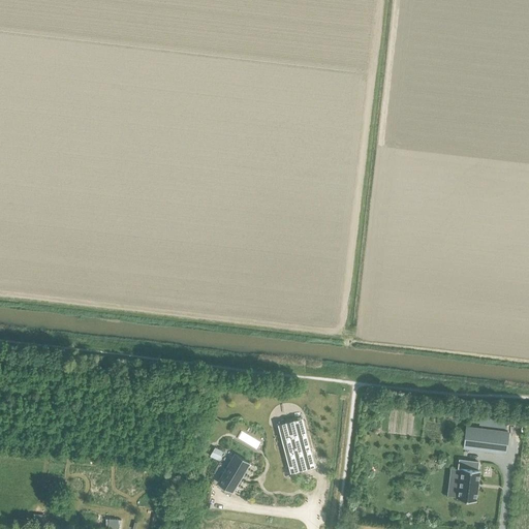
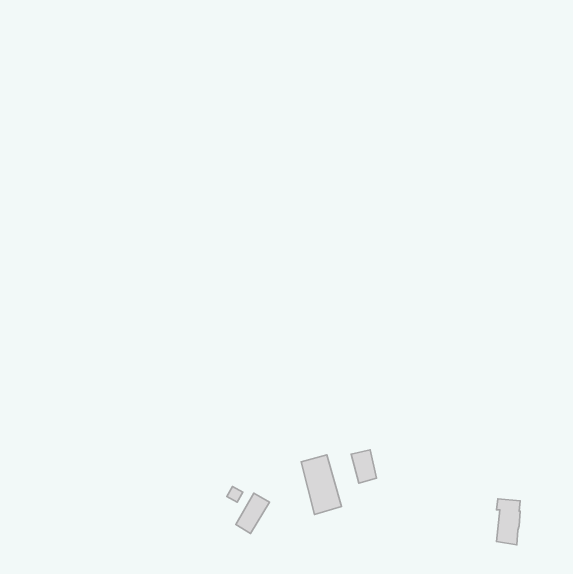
building: none -> [351,450,377,483]
building: [463,426,507,453] -> none

